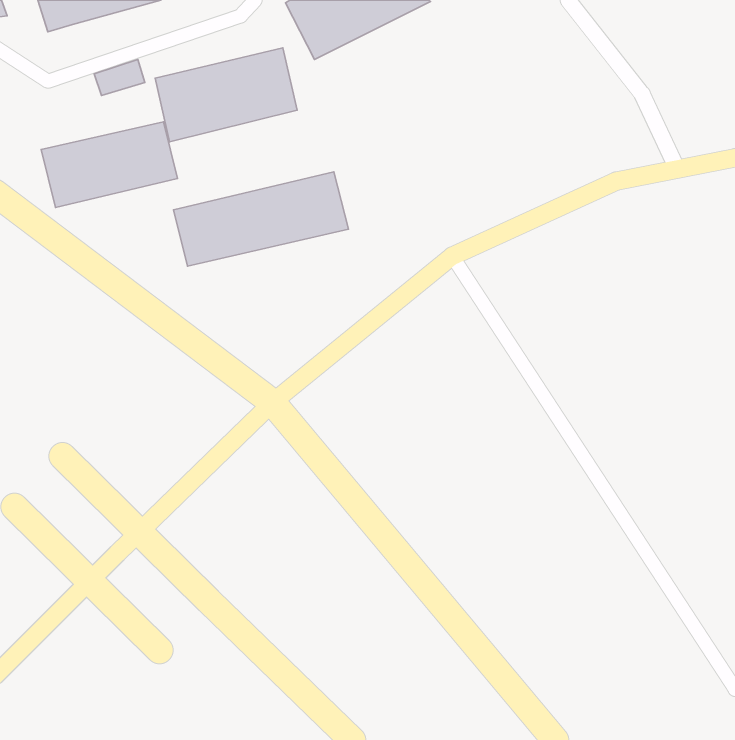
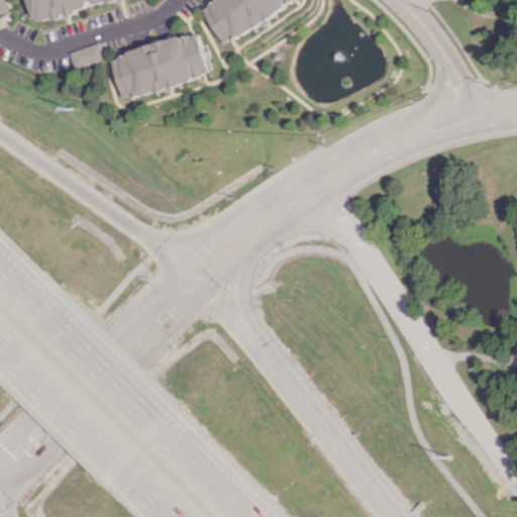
building: [41,122,178,207] -> none
building: [174,172,348,266] -> none

